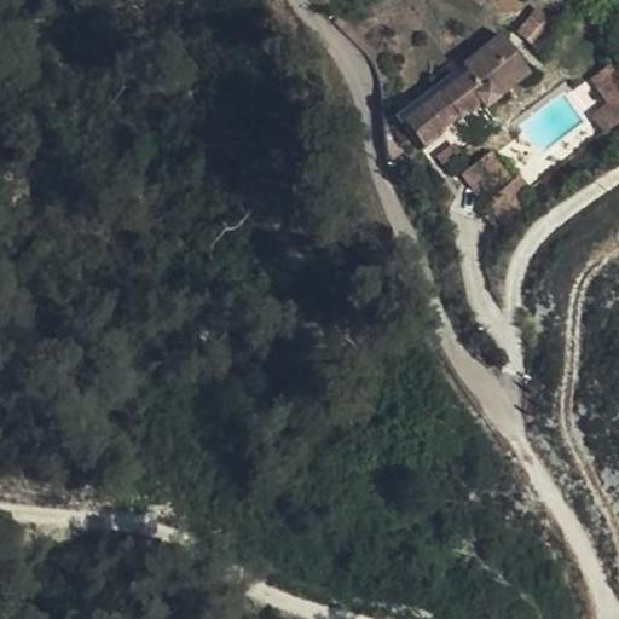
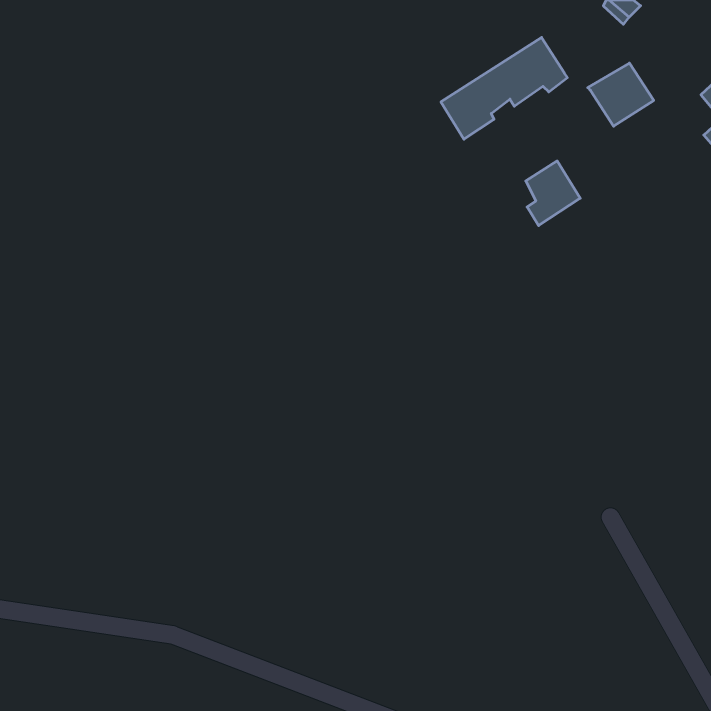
building: [473,28,528,81] -> [588,63,654,126]

